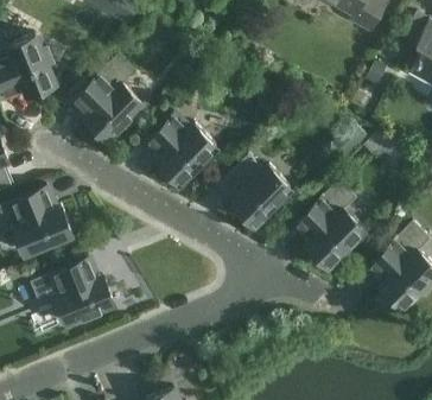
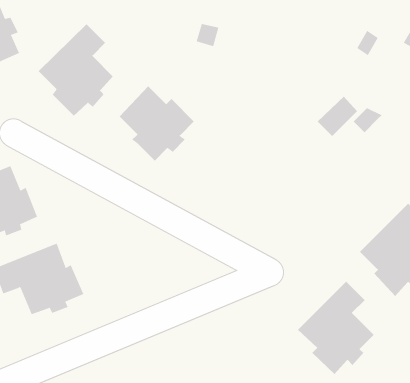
building: [220,154,290,224] -> none
building: [293,179,364,266] -> [297,281,374,375]

